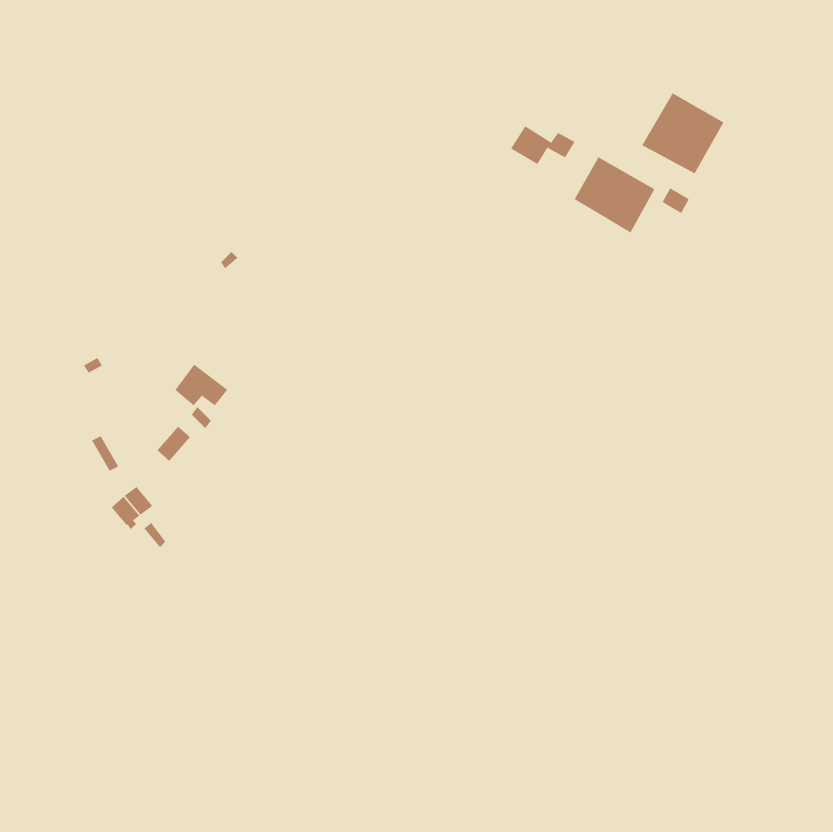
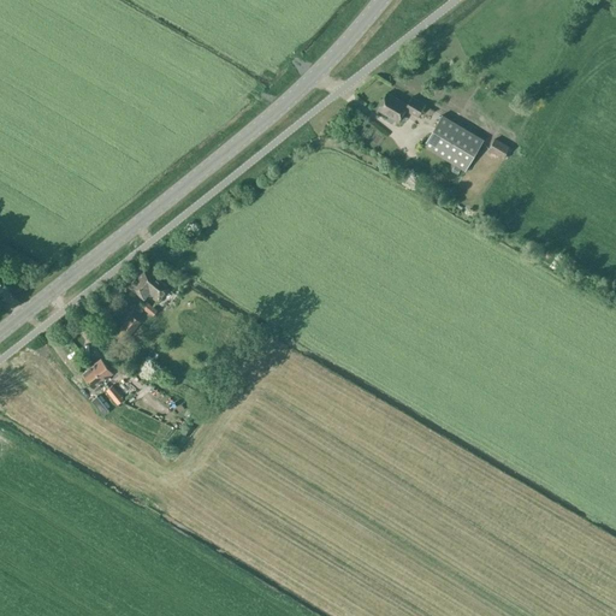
building: [642,92,724,174] -> none

